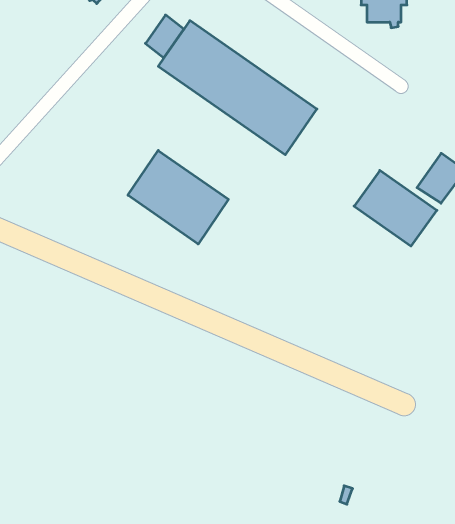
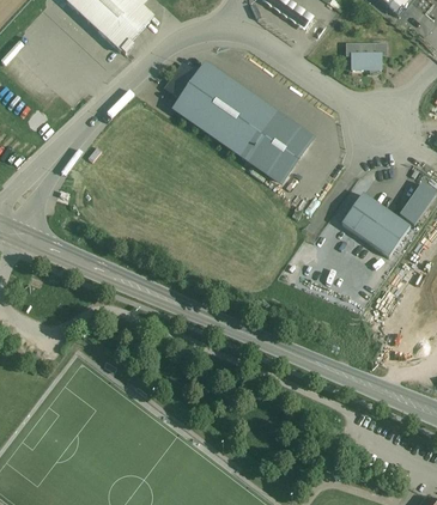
building: [128,150,228,244] -> none

